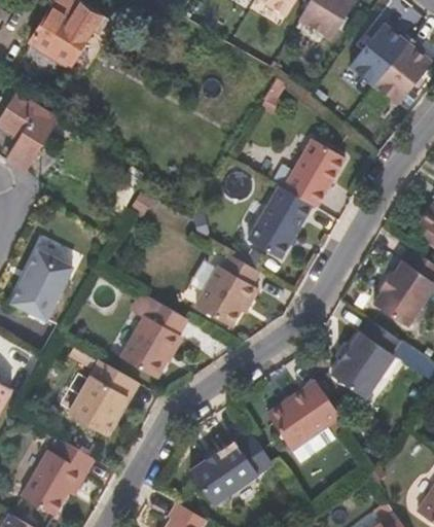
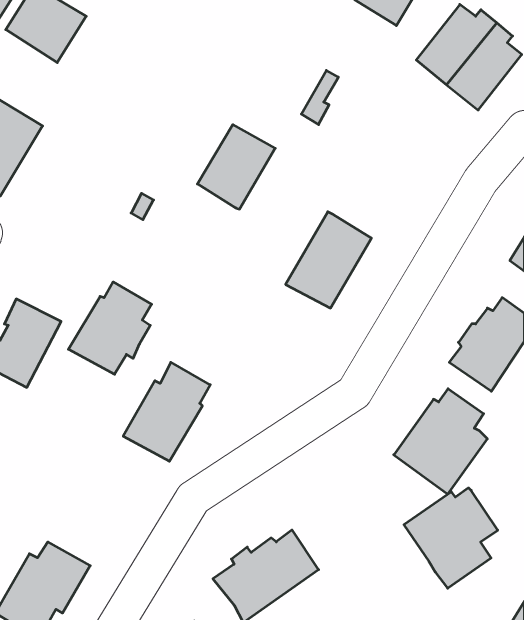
building: [284,139,345,205] -> [197,125,275,209]
building: [194,253,259,325] -> [68,282,152,374]
building: [68,360,137,436] -> none
building: [267,383,340,461] -> [404,488,498,588]

